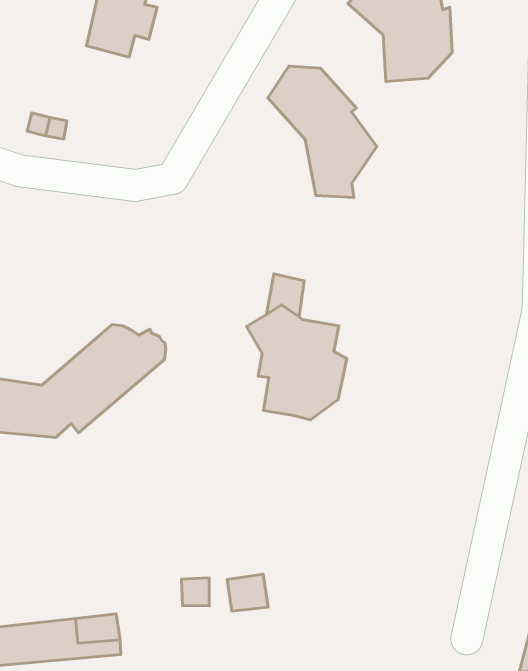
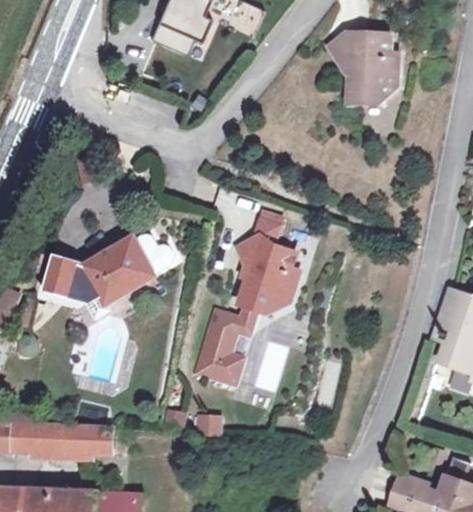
building: [268,66,377,198] -> none
building: none -> [192,306,256,386]

